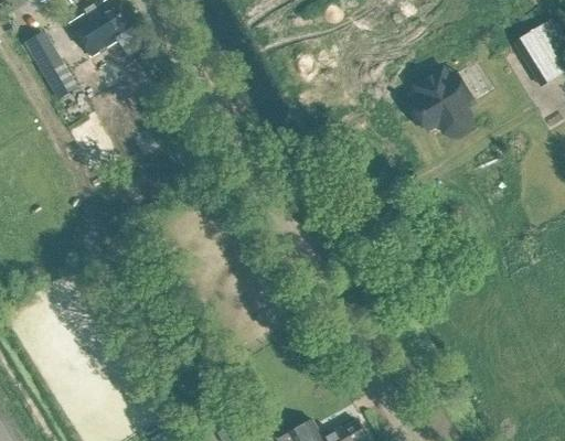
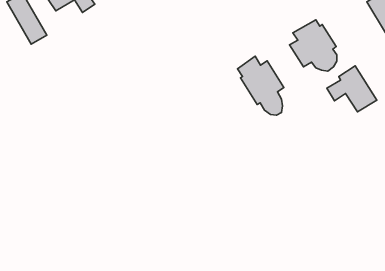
building: none -> [238,56,284,115]
building: none -> [327,66,377,112]

